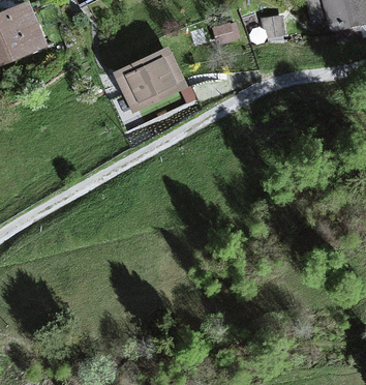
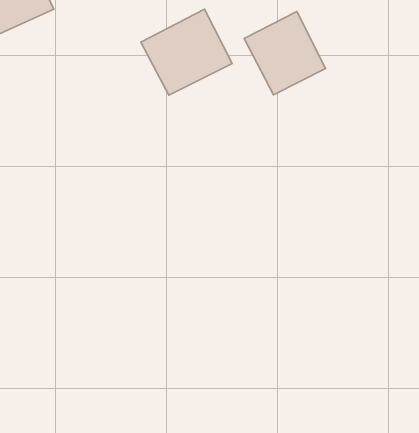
building: none -> [244,11,326,95]

